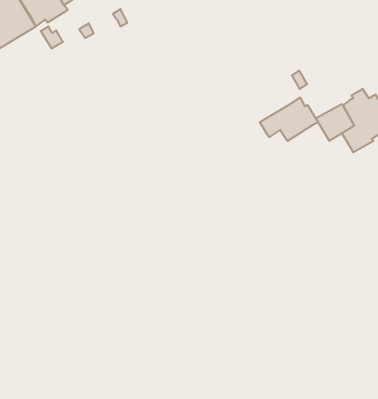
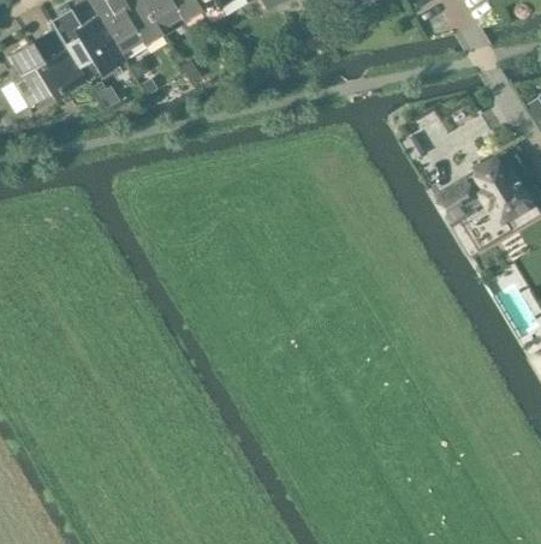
building: [260,97,318,141] -> none

